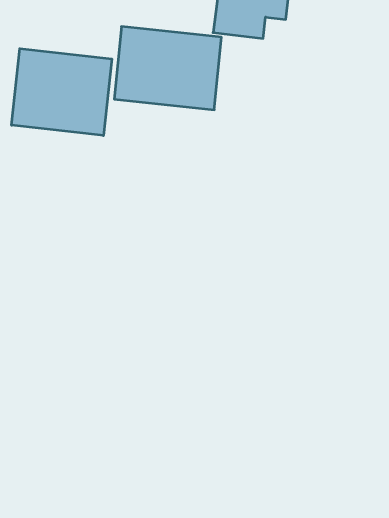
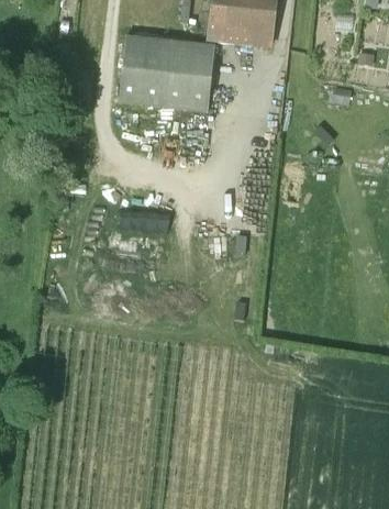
building: [12,49,112,136] -> none

